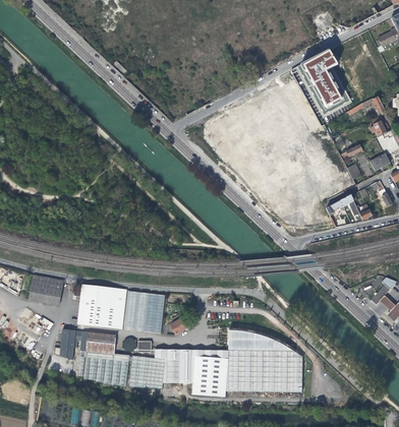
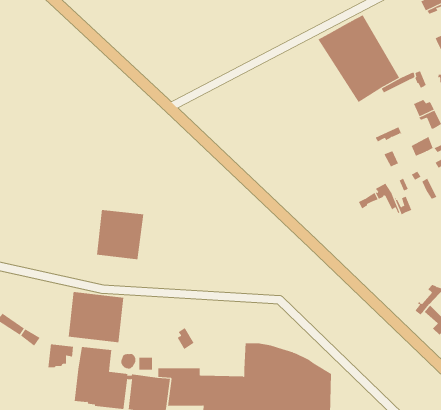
building: [30,274,64,305] -> none
building: [124,290,165,332] -> [96,210,144,260]

